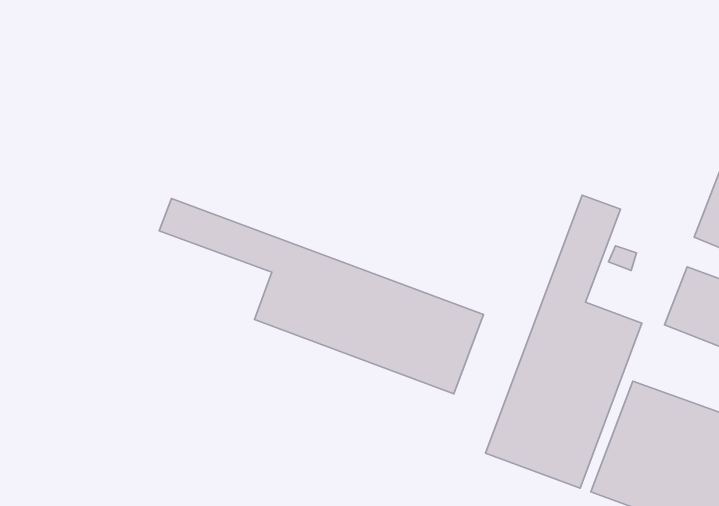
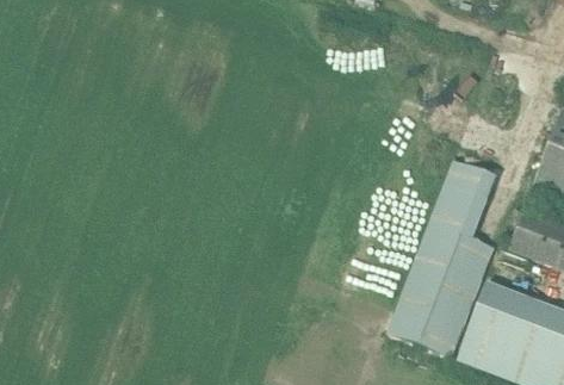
building: [159,199,484,394] -> none

